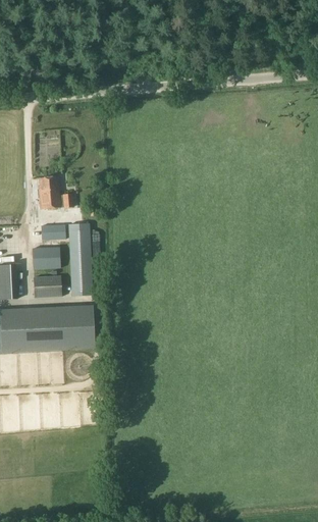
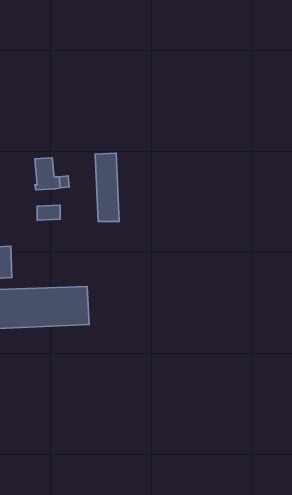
building: [68,225,93,295] -> [95,153,119,222]
building: [33,248,61,268] -> none
building: [34,276,62,297] -> none

